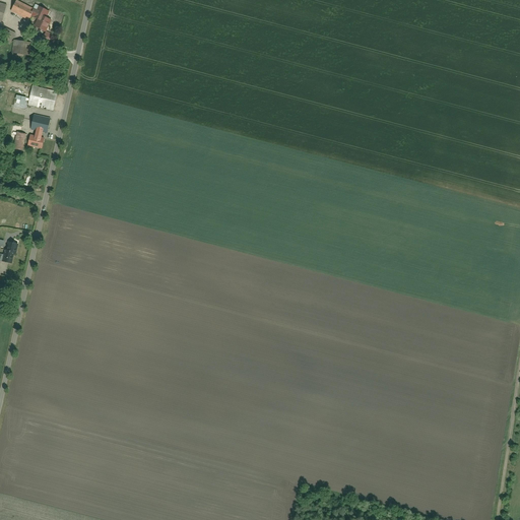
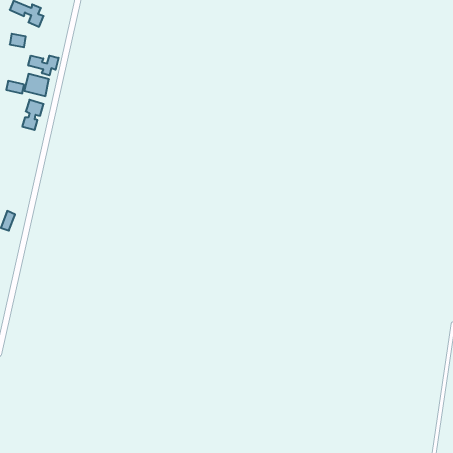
building: none -> [28,56,59,75]

